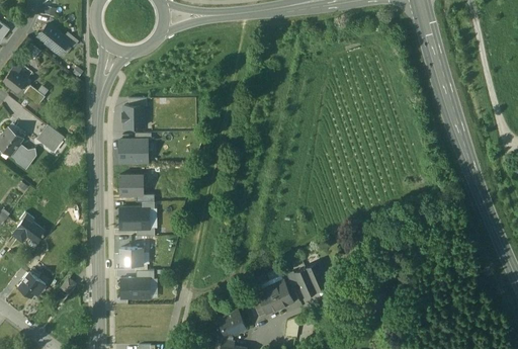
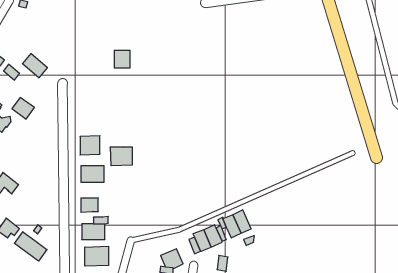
building: [38,25,69,55] -> [22,54,47,78]
building: [124,106,144,127] -> [114,50,130,68]
building: [119,142,147,164] -> [110,147,132,166]
building: none -> [14,232,47,261]
building: none -> [85,246,109,266]

